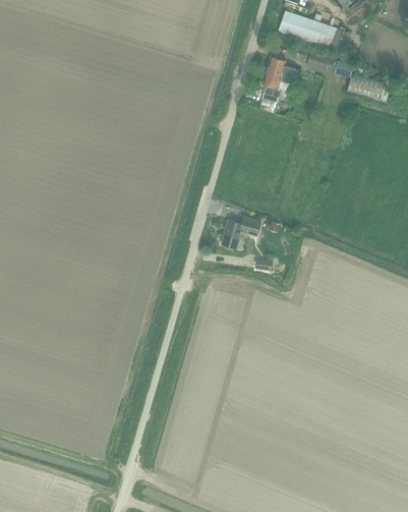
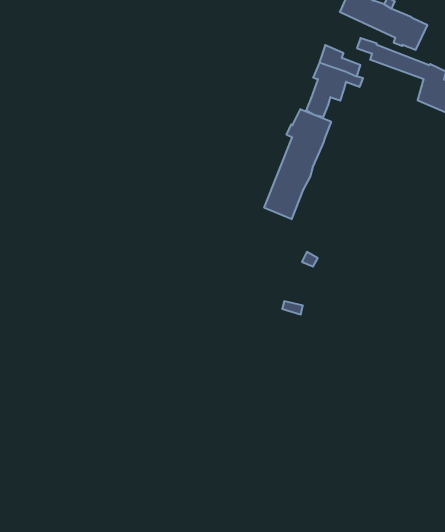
building: none -> [264,109,331,219]
building: [220,215,260,247] -> none

